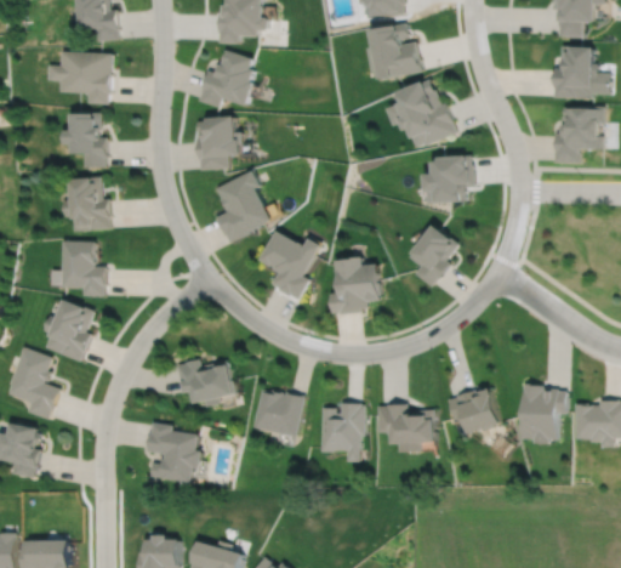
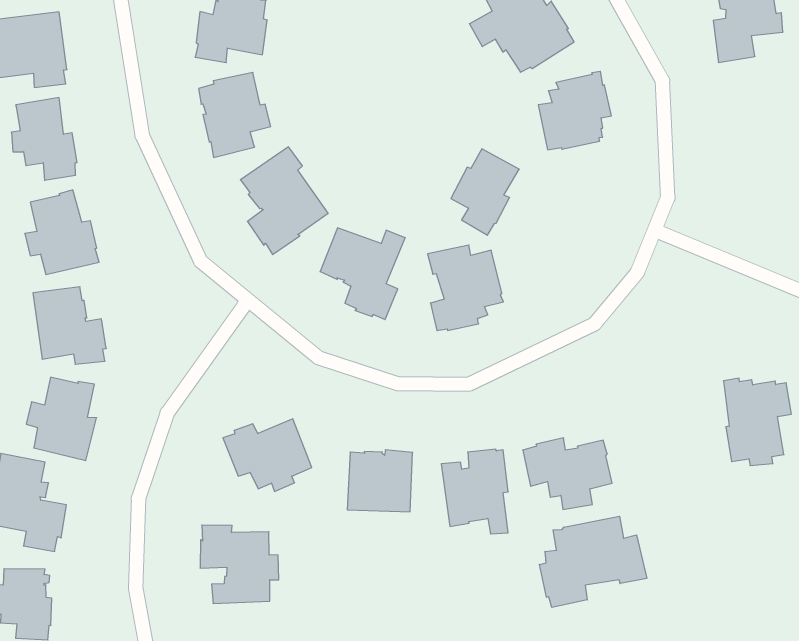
building: [411,228,461,288] -> [451,149,519,235]
building: [445,385,498,432] -> none
building: none -> [539,516,647,607]

